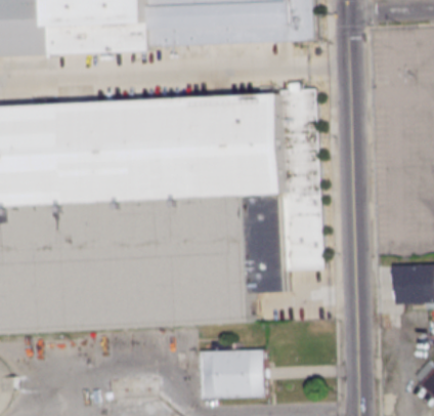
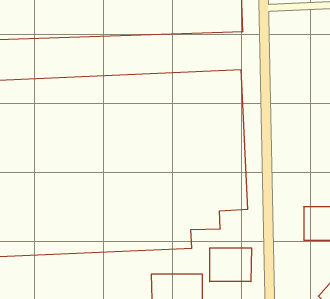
building: none -> [210,248,252,282]

